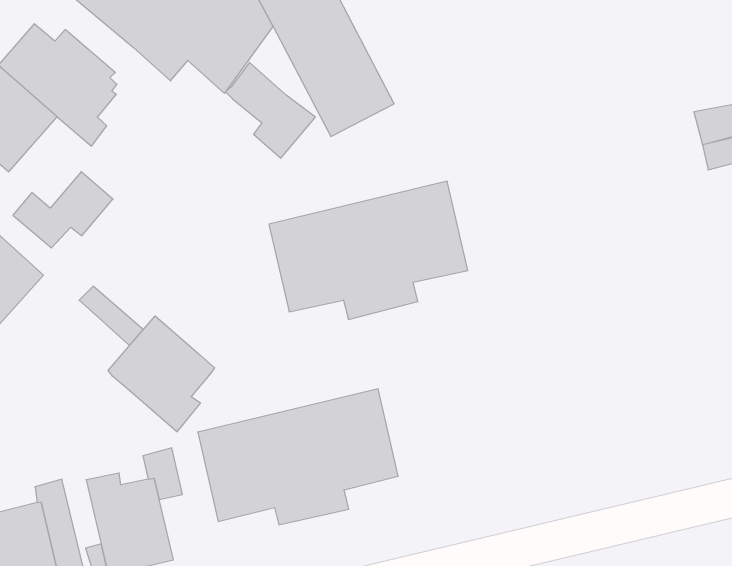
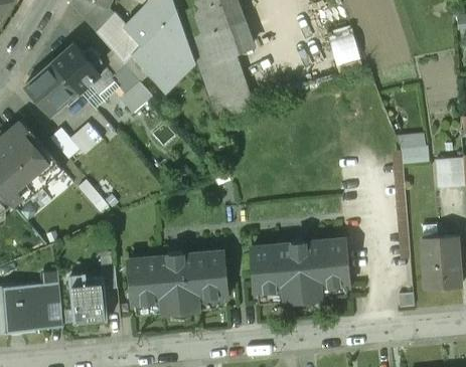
building: [226,62,315,158] -> [110,62,153,113]
building: [269,181,468,319] -> [252,238,348,301]
building: [108,316,215,432] -> none

